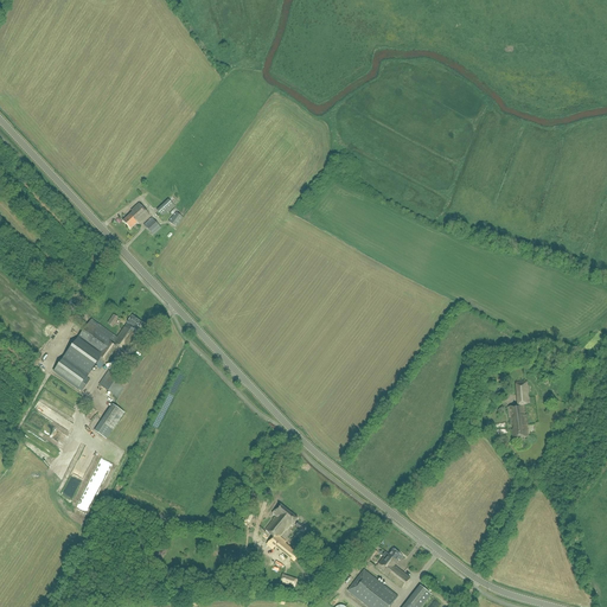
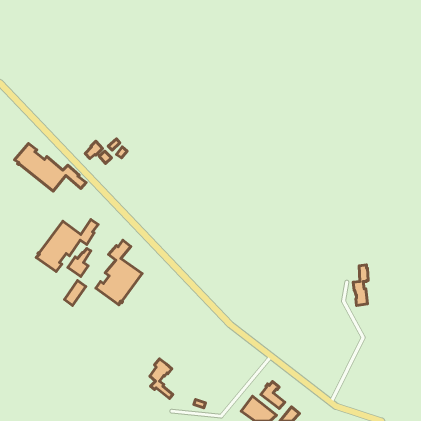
building: none -> [14,143,86,191]
building: none -> [96,240,142,305]
building: [264,504,298,561] -> [150,359,173,399]

